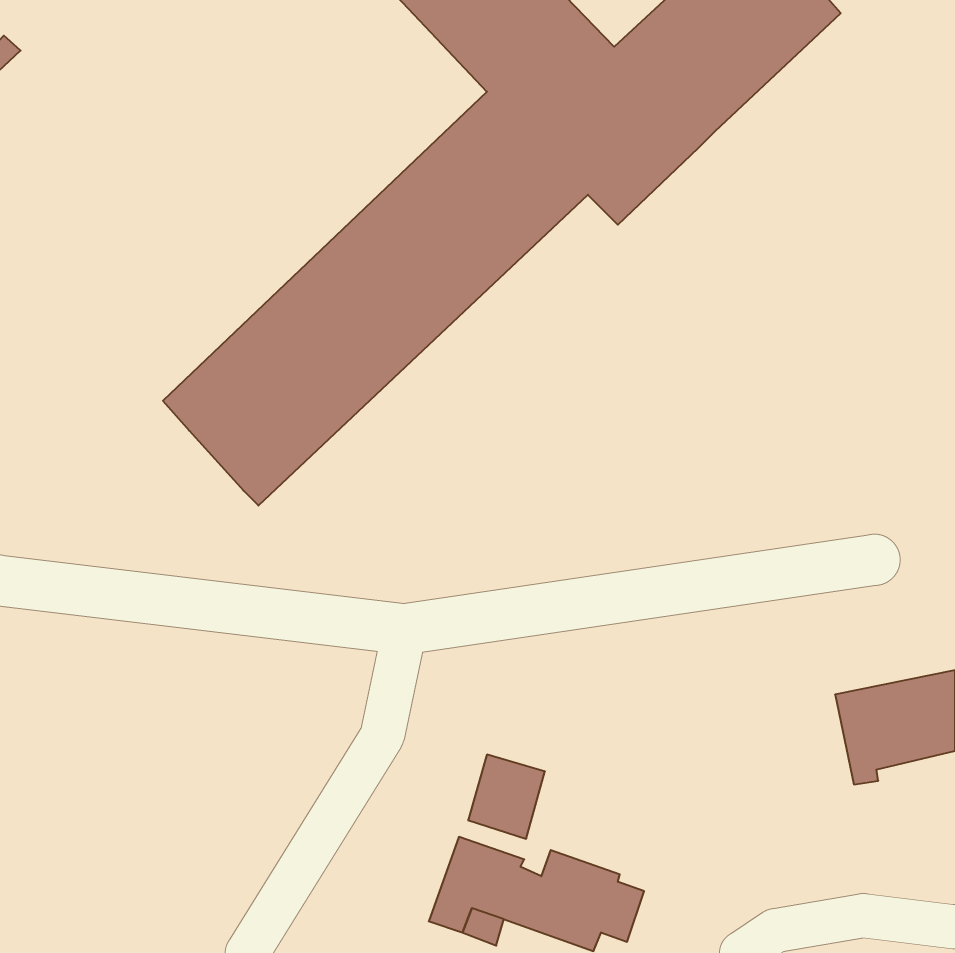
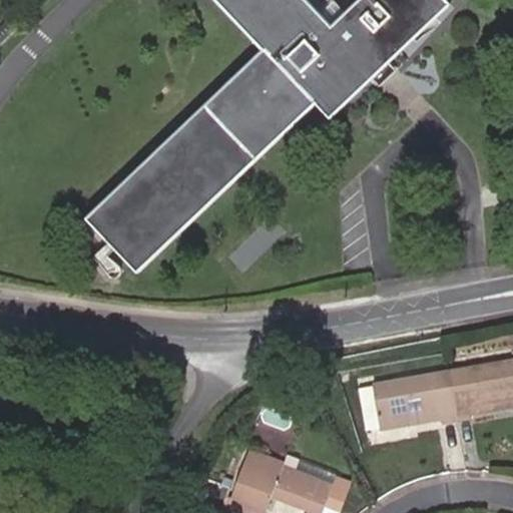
building: none -> [358,372,457,432]

